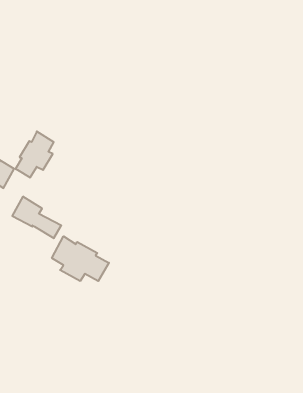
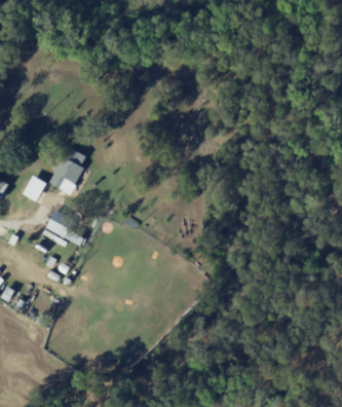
building: [52,236,109,281] -> none

